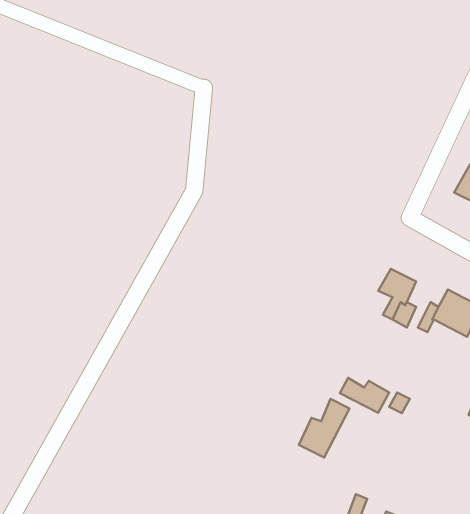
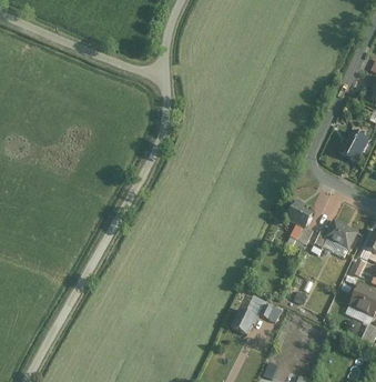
building: [340,378,389,413] -> none

